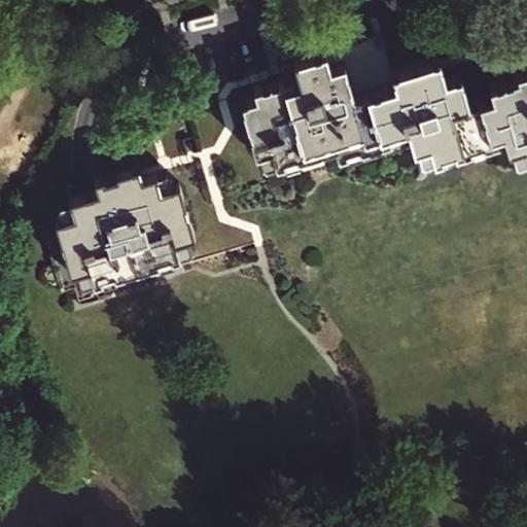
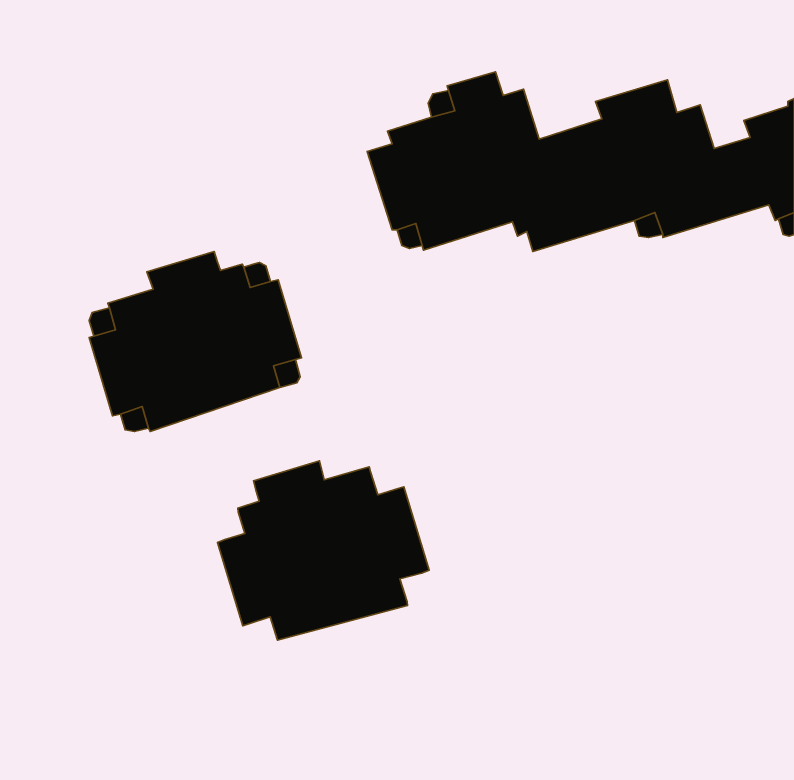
building: none -> [217,461,429,640]

